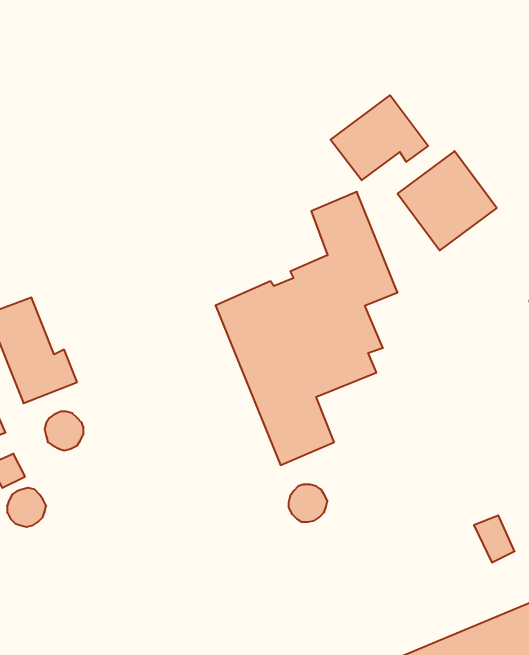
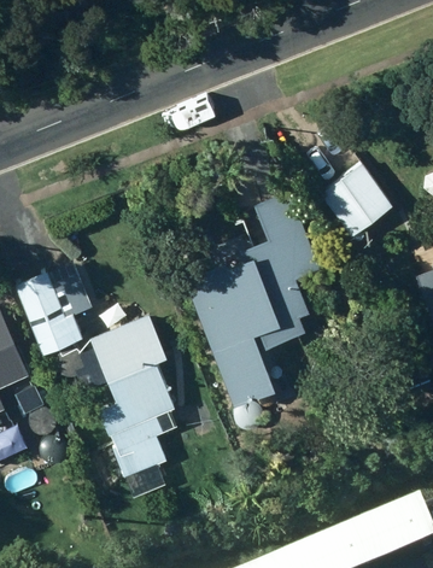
building: [330,95,428,180] -> none
building: none -> [89,316,176,481]

